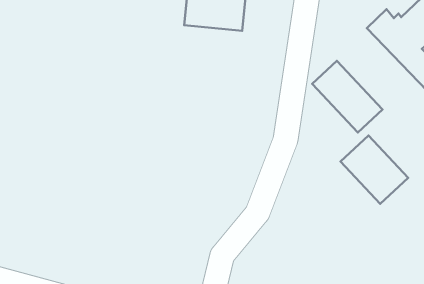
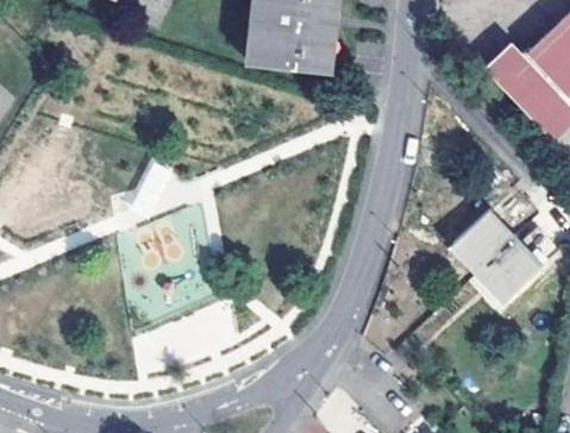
building: [312,61,382,133] -> none

